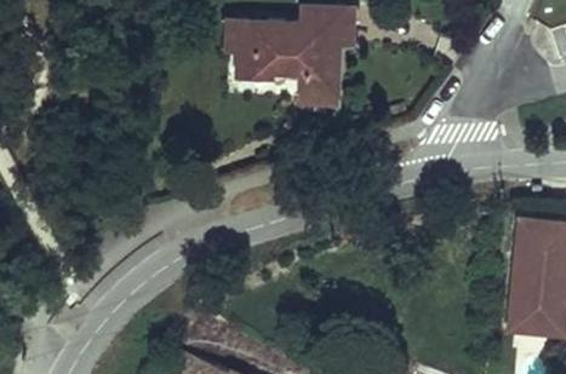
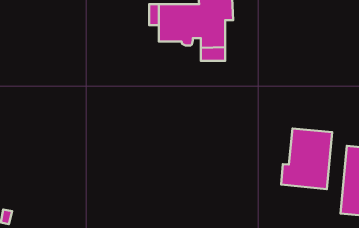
building: none -> [281,129,332,189]

